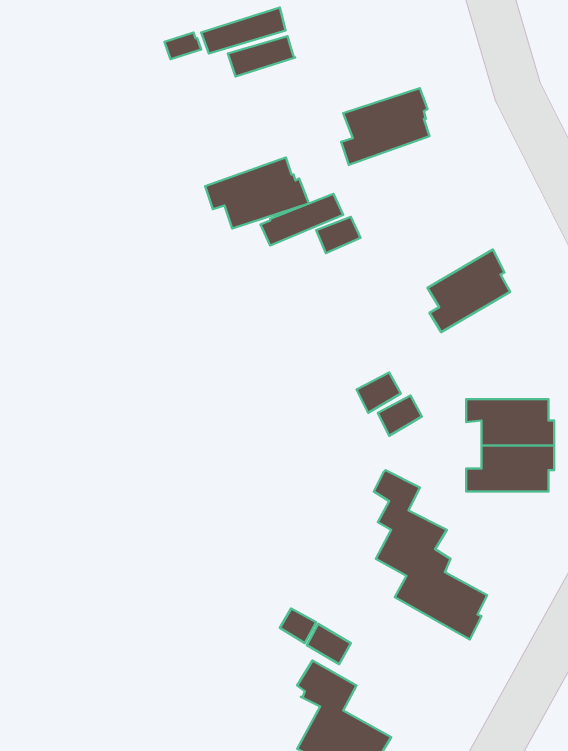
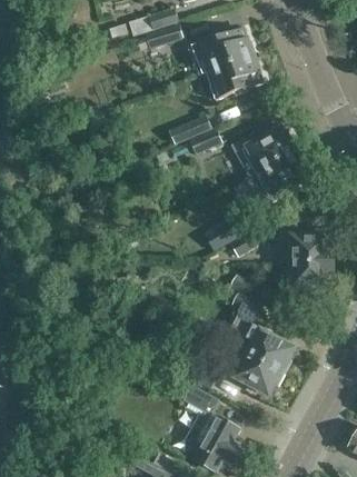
building: [205,157,309,228] -> [196,28,256,69]
building: none -> [241,127,298,172]
building: none -> [228,349,285,396]

